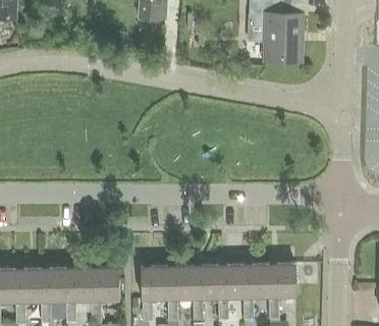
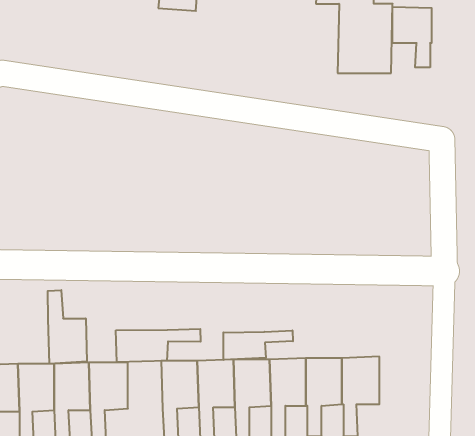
building: none -> [392,7,432,67]
building: none -> [48,290,87,364]
building: none -> [116,329,201,362]
building: none -> [223,330,293,360]

